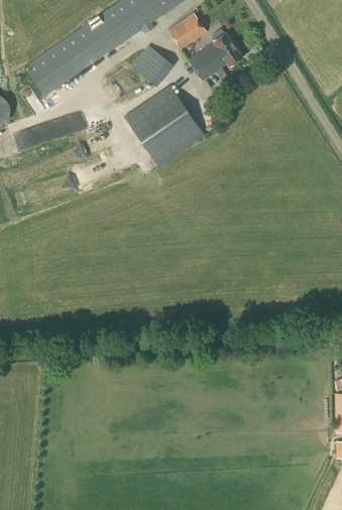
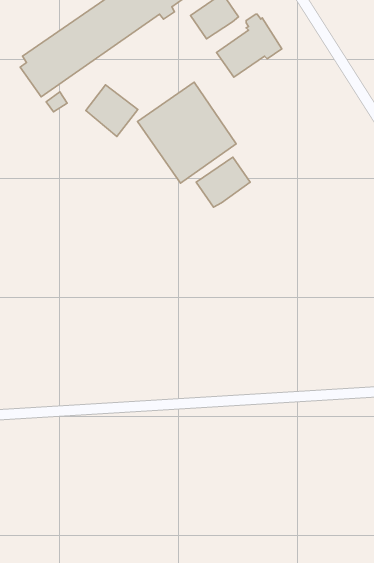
building: [131,43,174,86] -> [86,85,138,137]
building: none -> [196,157,250,207]

